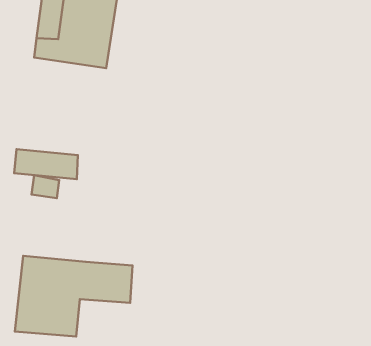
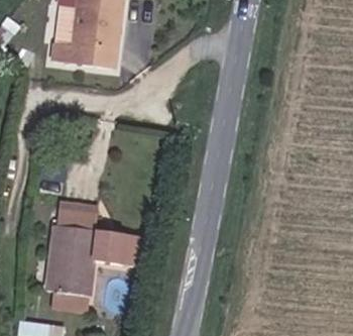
building: [14,149,78,179] -> [37,208,91,233]

